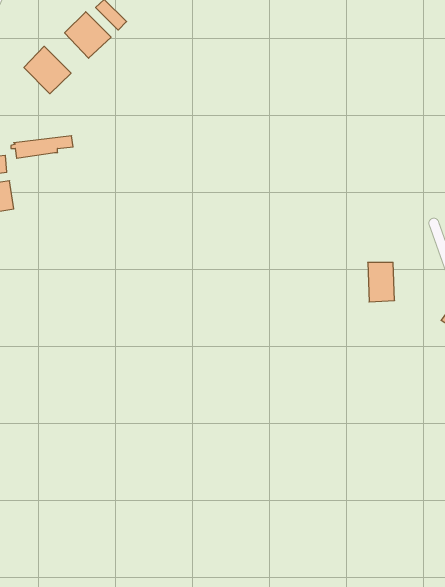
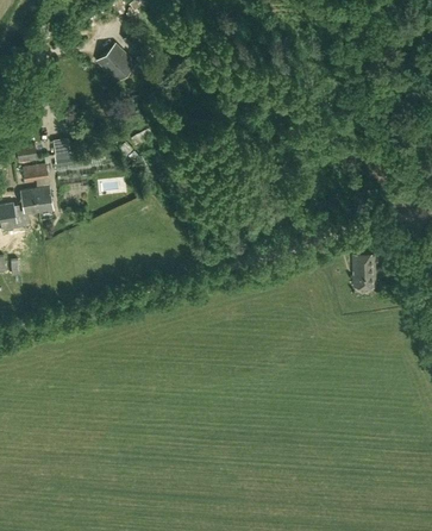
building: [24,46,71,94] -> none

